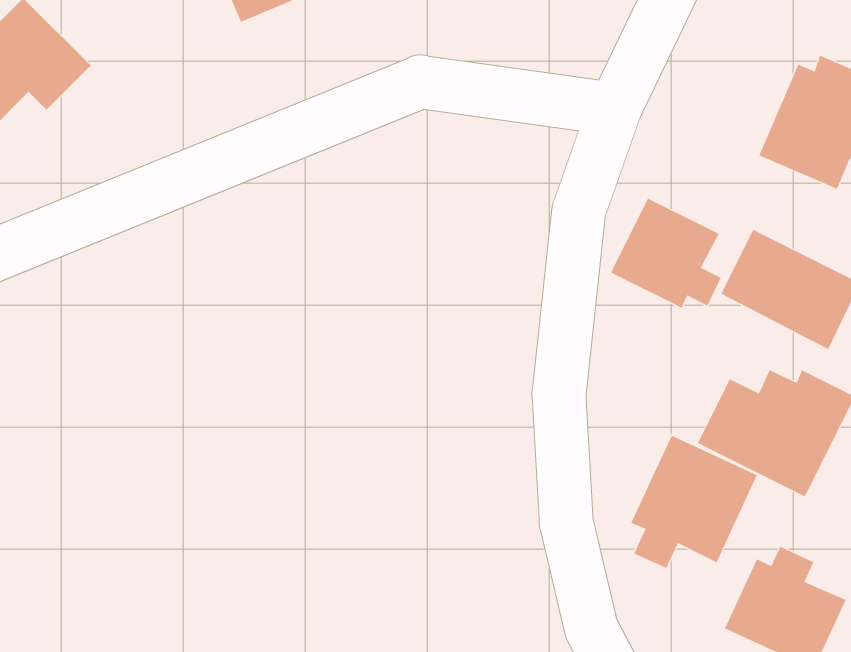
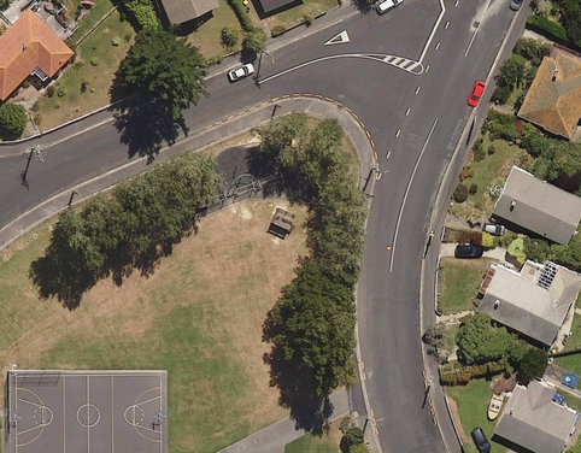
building: [610,198,722,309] -> none
building: [631,435,758,569] -> none

